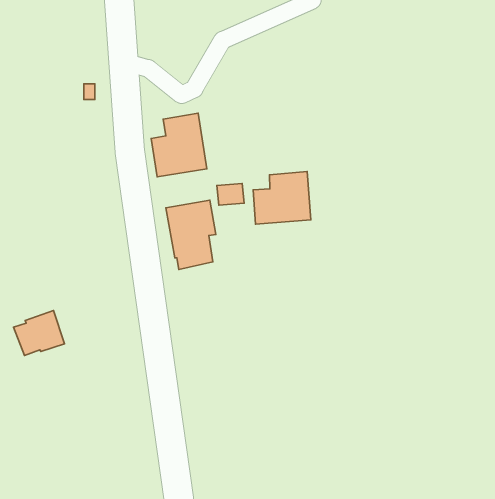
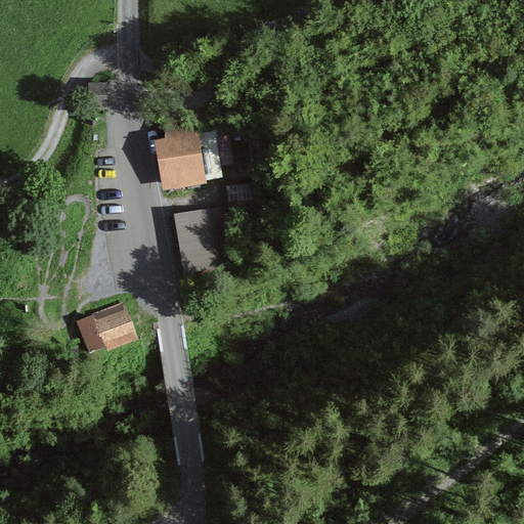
building: [253,172,311,224] -> none
building: [14,311,64,356] -> [76,305,129,352]

